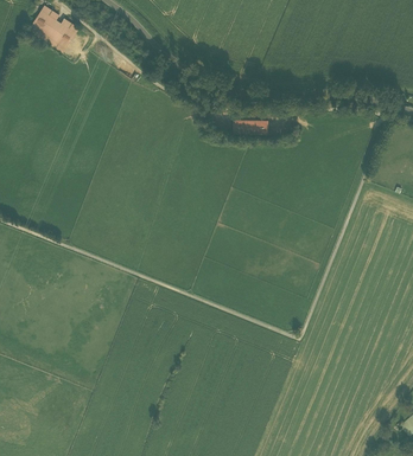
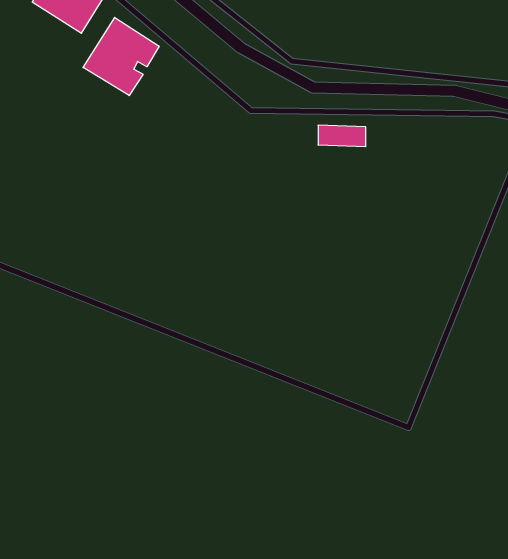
building: none -> [83,17,159,96]

